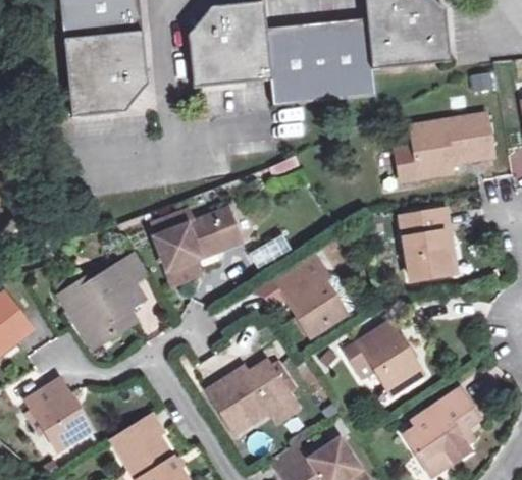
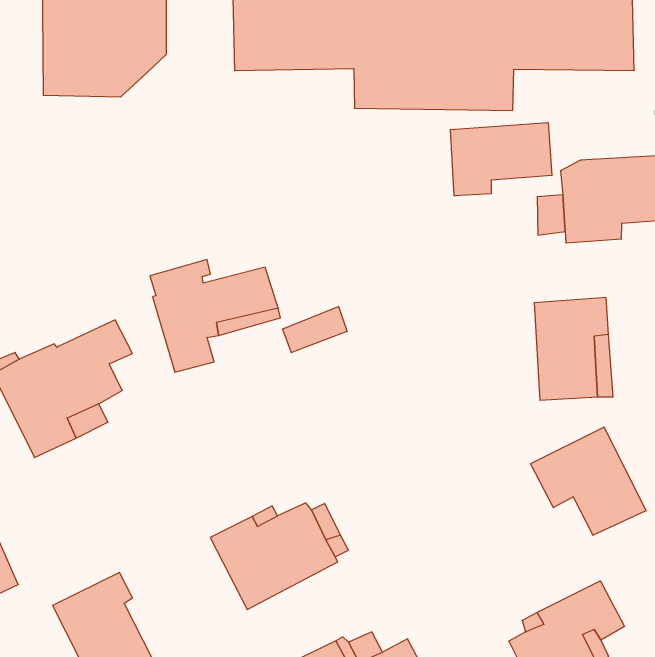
building: none -> [451,123,552,196]
building: [276,257,347,336] -> none
building: [348,325,425,395] -> [531,427,646,535]

